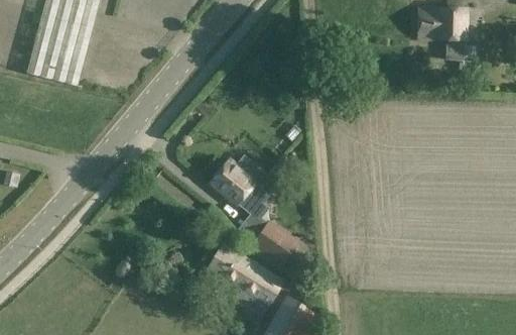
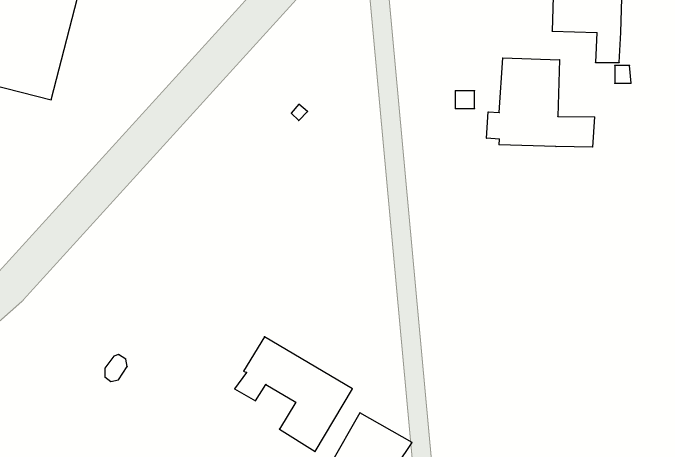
building: none -> [487,58,595,147]
building: [212,153,298,264] -> none

